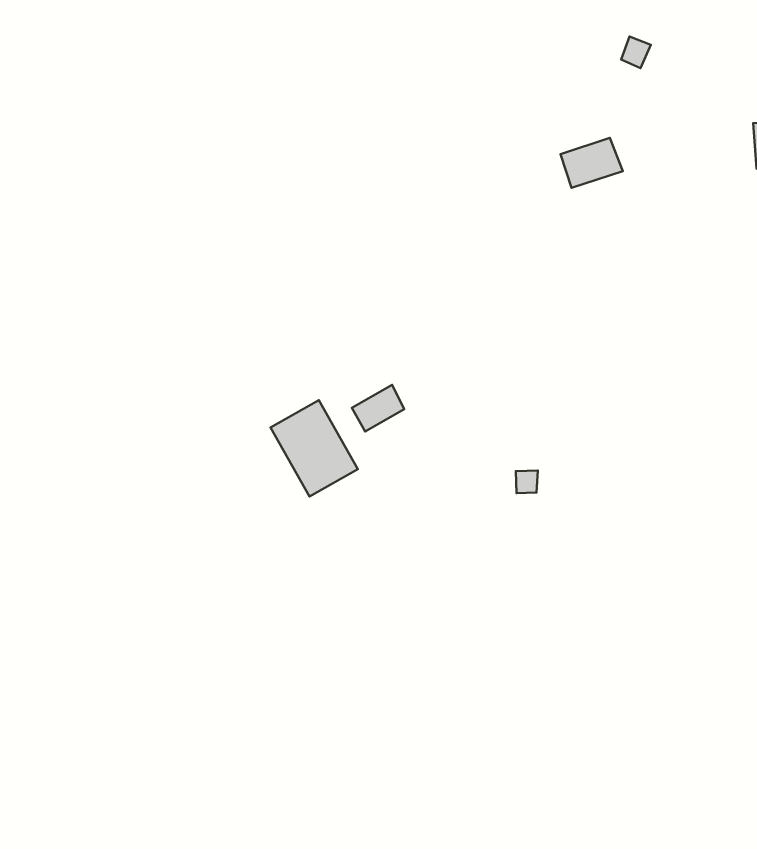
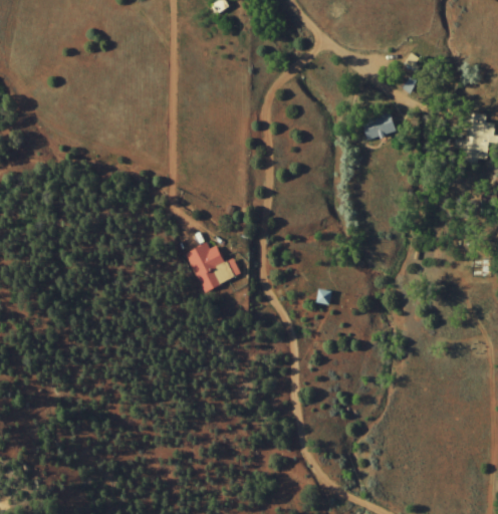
building: [352,385,404,431] -> none

